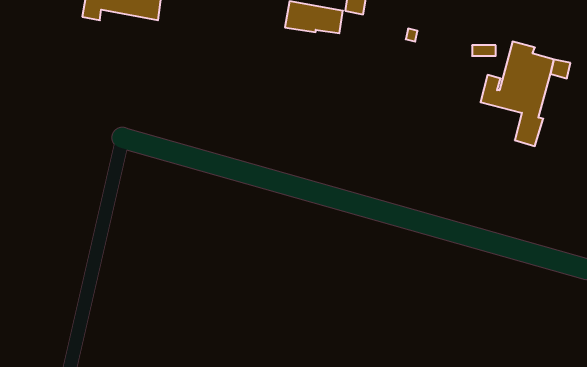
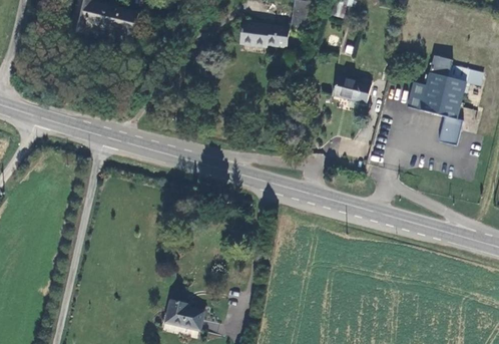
building: none -> [336,77,373,104]
building: none -> [166,296,205,325]

